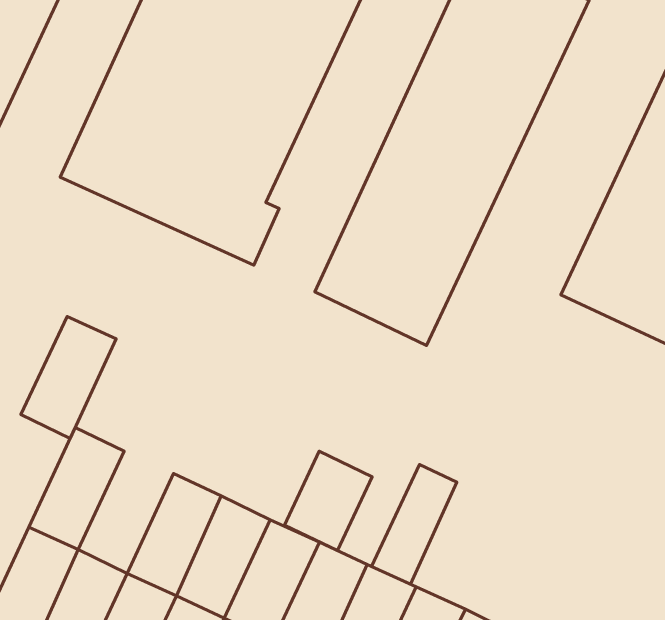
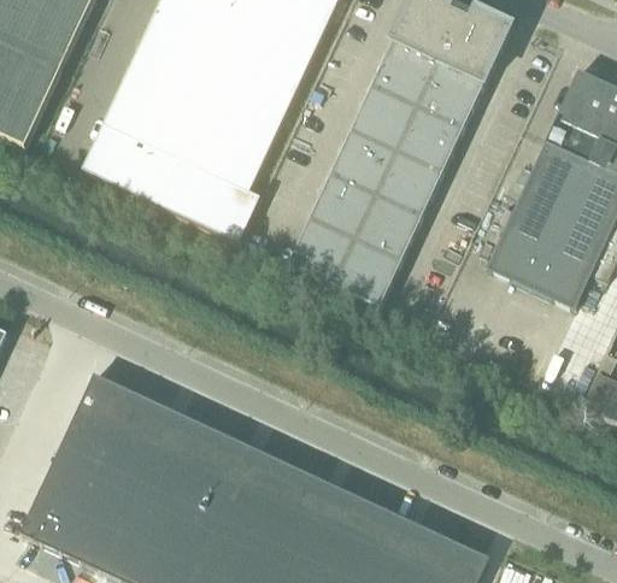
building: [21,316,116,438] -> [96,391,174,490]
building: [284,451,372,551] -> none
building: [372,464,457,584] -> none

